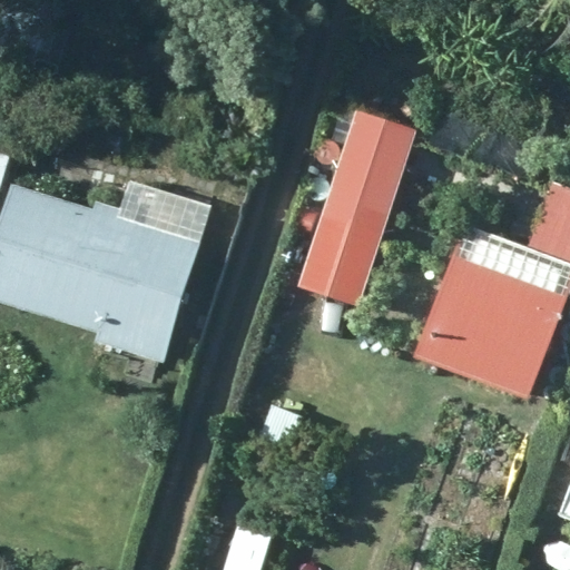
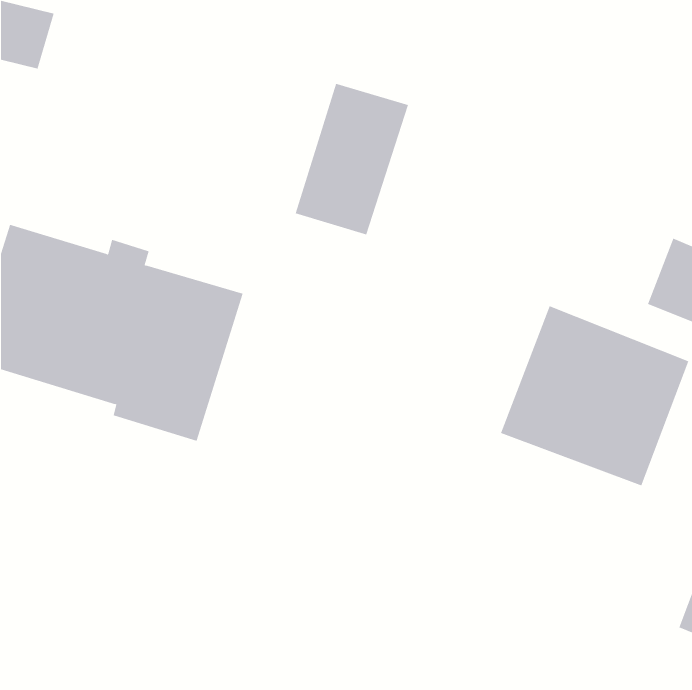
building: [322,108,415,233] -> [295,83,409,235]

